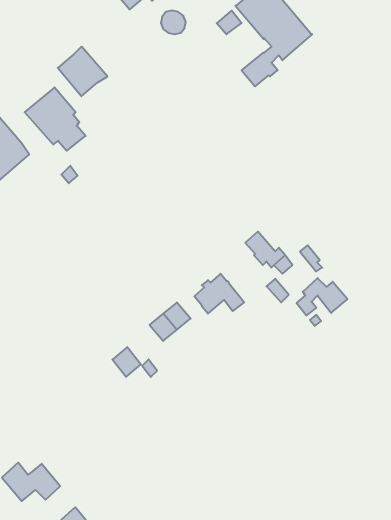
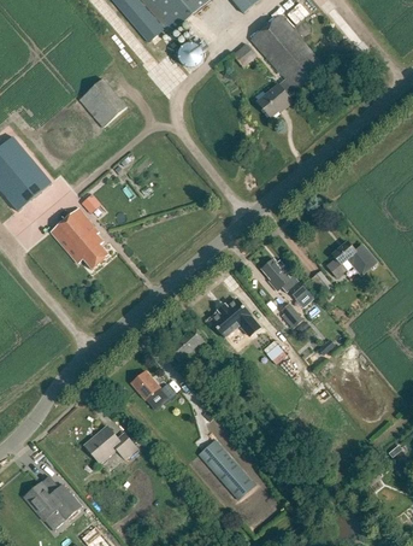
building: [25,87,86,151] -> [49,207,108,269]
building: [297,278,347,315] -> [326,241,376,277]
building: none -> [85,425,136,462]
building: none -> [197,439,254,499]

